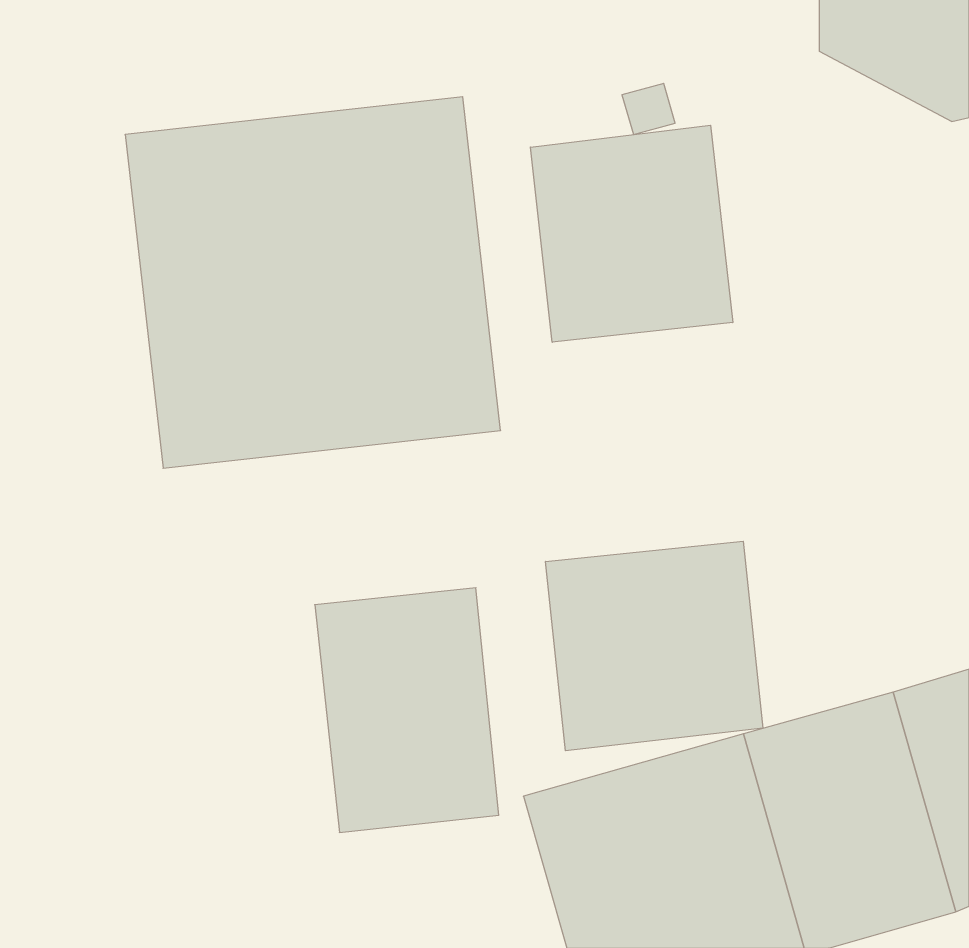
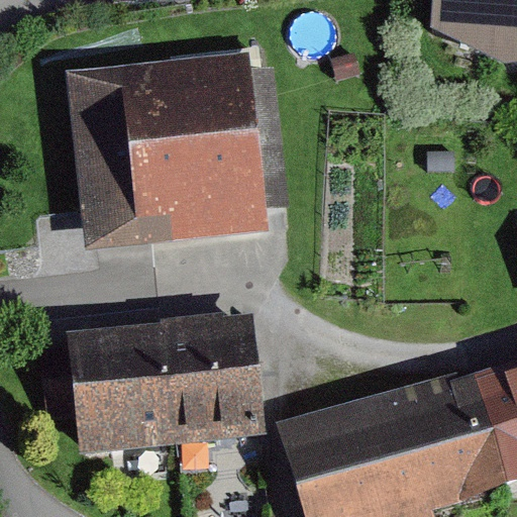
building: [530,125,733,342] -> none
building: [546,541,763,751] -> none
building: none -> [42,322,181,453]

